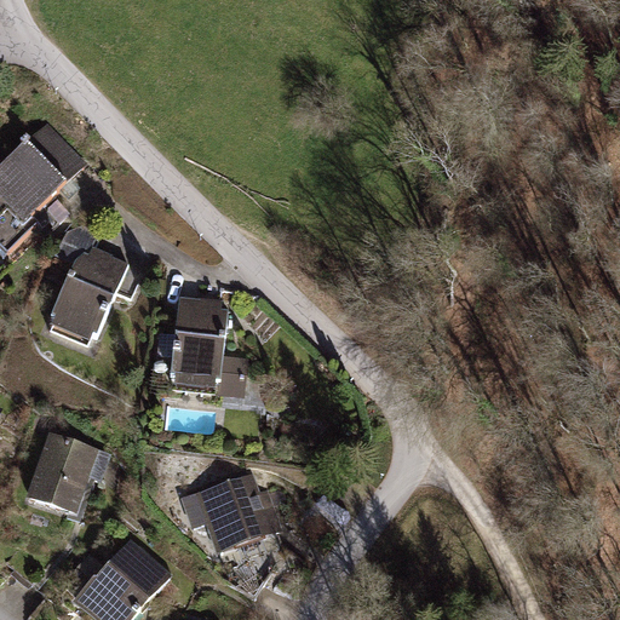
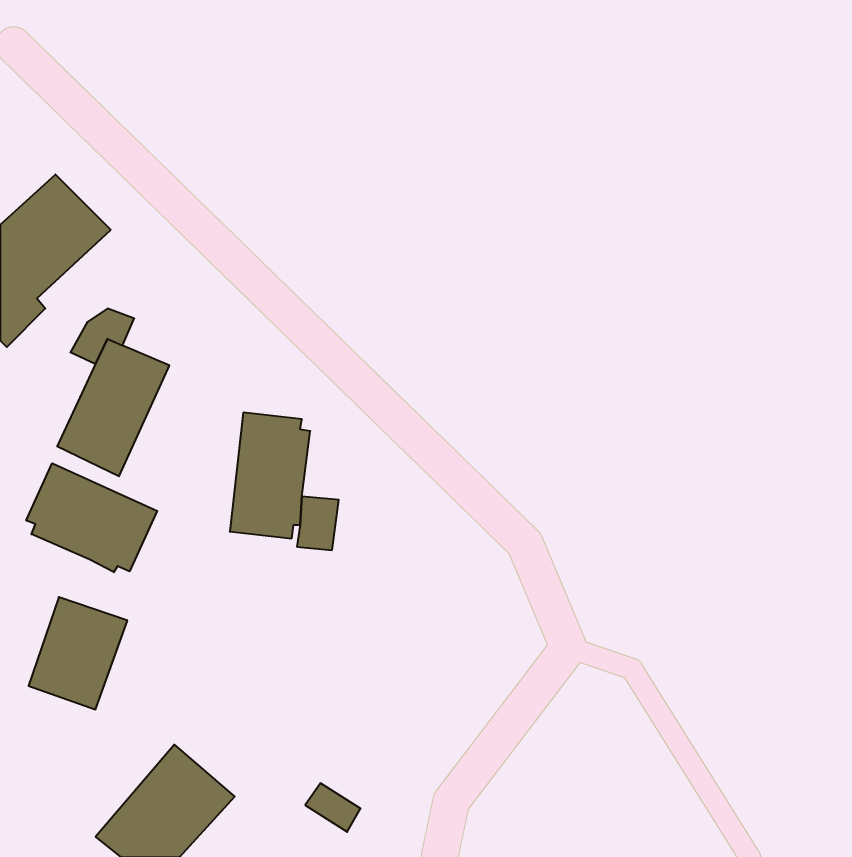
building: none -> [26,463,157,572]
building: [193,472,282,555] -> none

